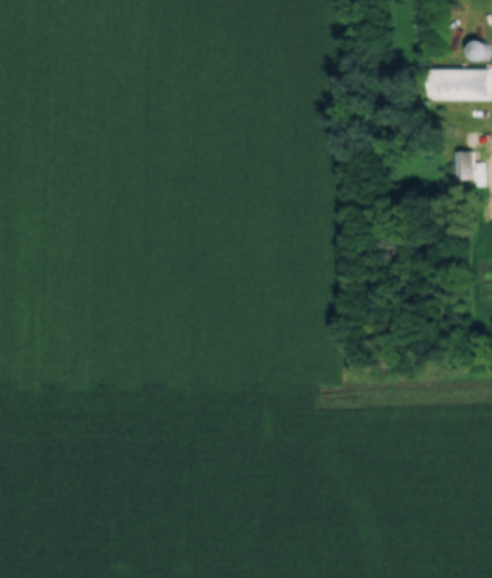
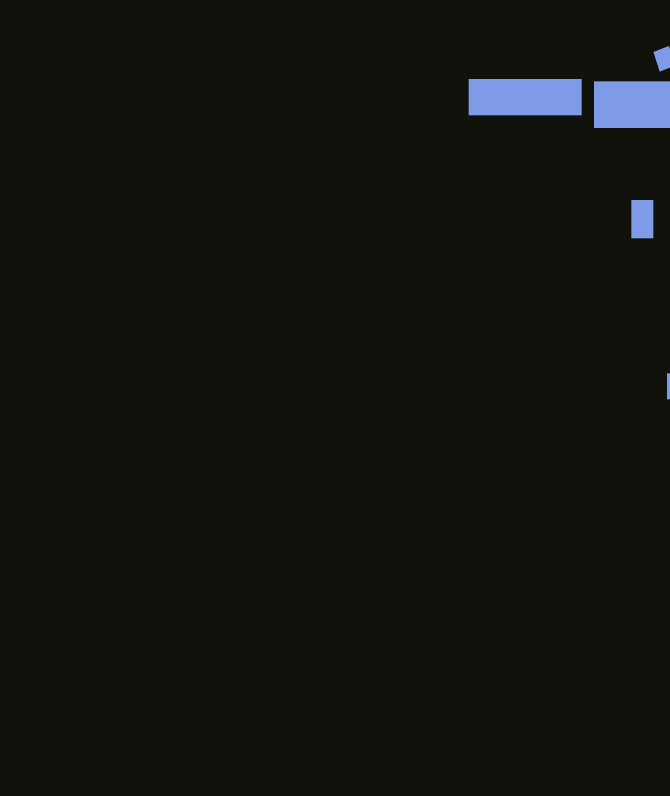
building: none -> [468,78,582,116]

